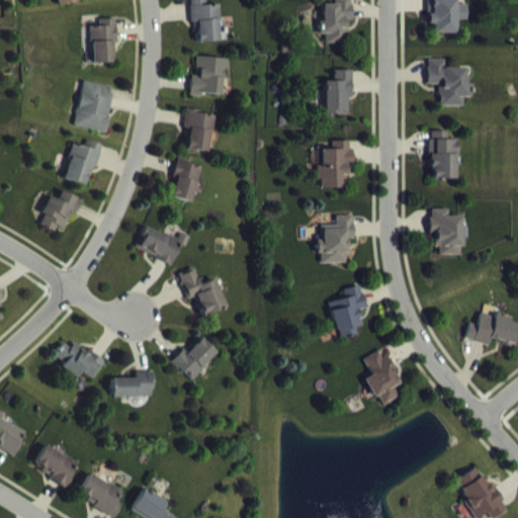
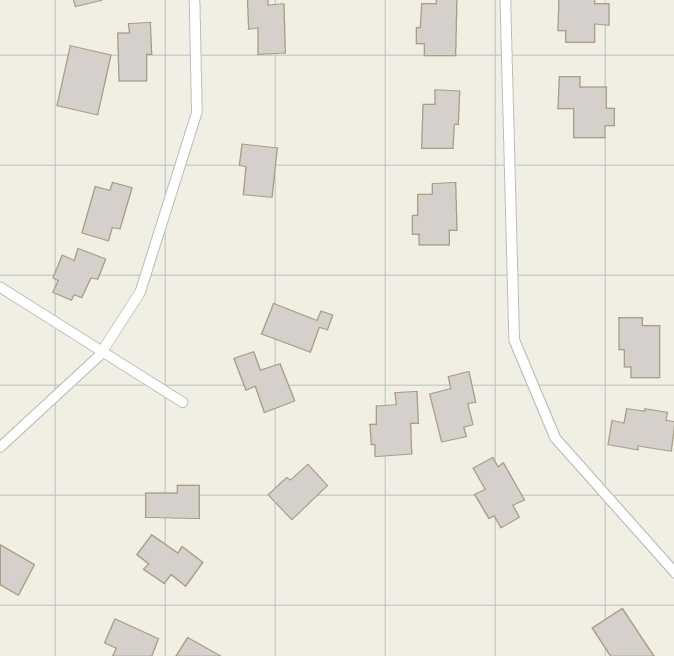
building: [190,56,226,95] -> none
building: [74,80,115,133] -> [57,46,111,115]
building: [430,131,456,178] -> none
building: [170,159,201,201] -> none
building: [430,208,461,254] -> [619,318,660,377]
building: [317,213,354,263] -> [370,392,419,456]
building: [136,226,190,263] -> [261,303,333,352]
building: [172,337,218,379] -> [268,464,328,520]
building: [56,340,106,379] -> [137,535,203,586]
building: [33,443,80,485] -> none

